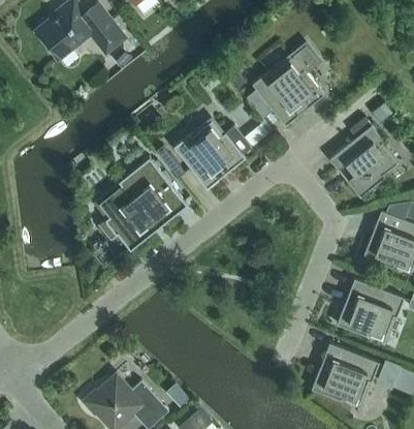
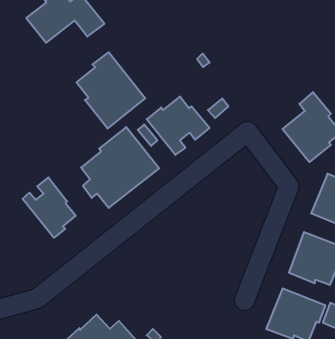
building: [246,45,324,126] -> none
building: none -> [77,52,145,129]
building: none -> [23,177,76,238]

